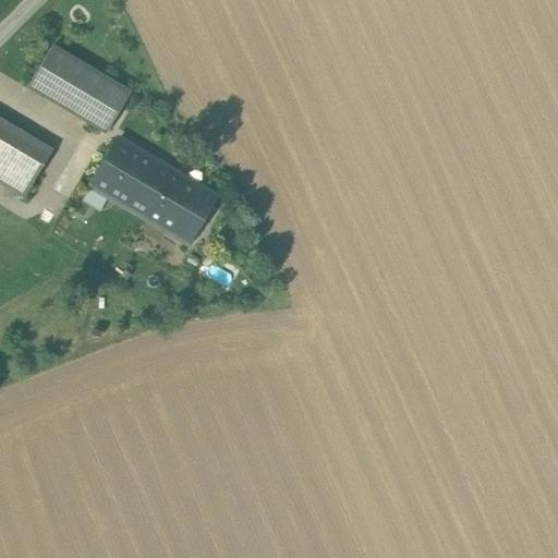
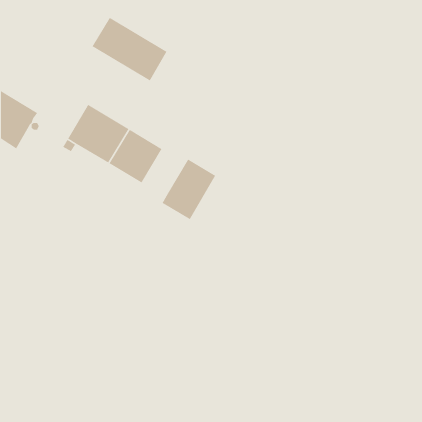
building: [29,45,130,130] -> [91,17,168,82]
building: none -> [162,159,216,220]

